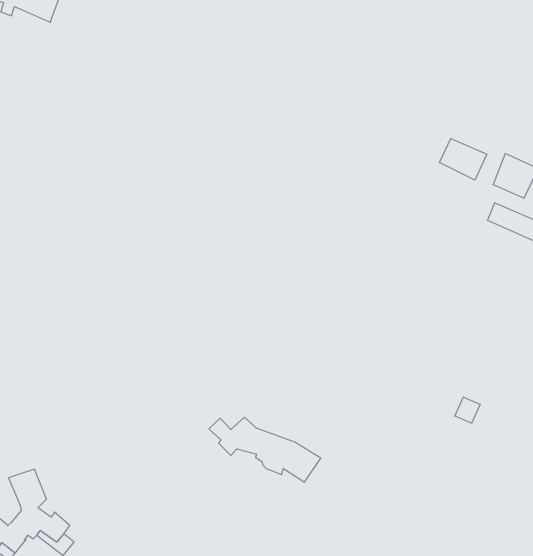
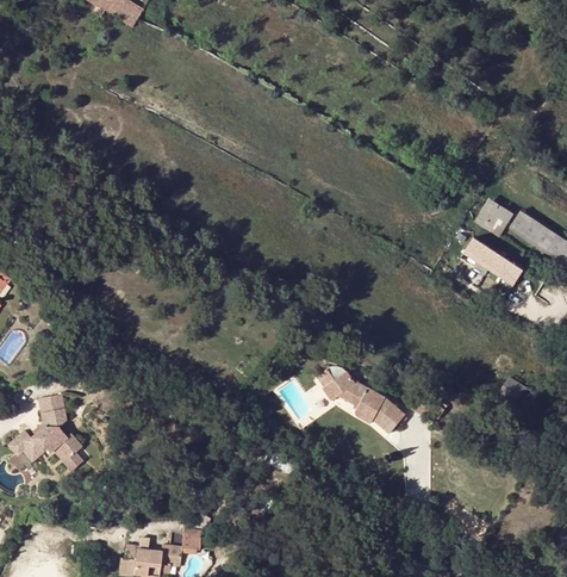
building: [439,138,487,180] -> none
building: [209,417,321,482] -> [317,368,405,433]

